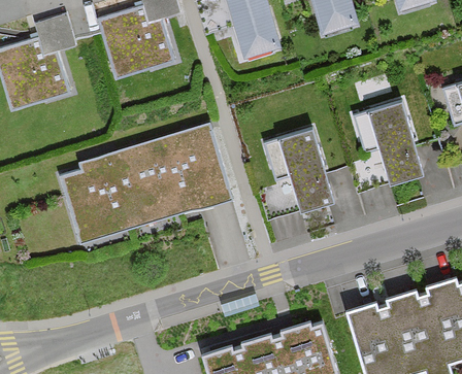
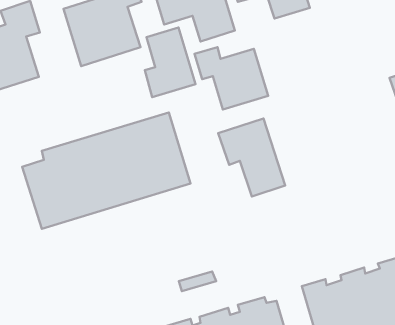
building: none -> [145,27,196,97]
building: none -> [195,47,268,109]
building: [353,106,423,188] -> none

